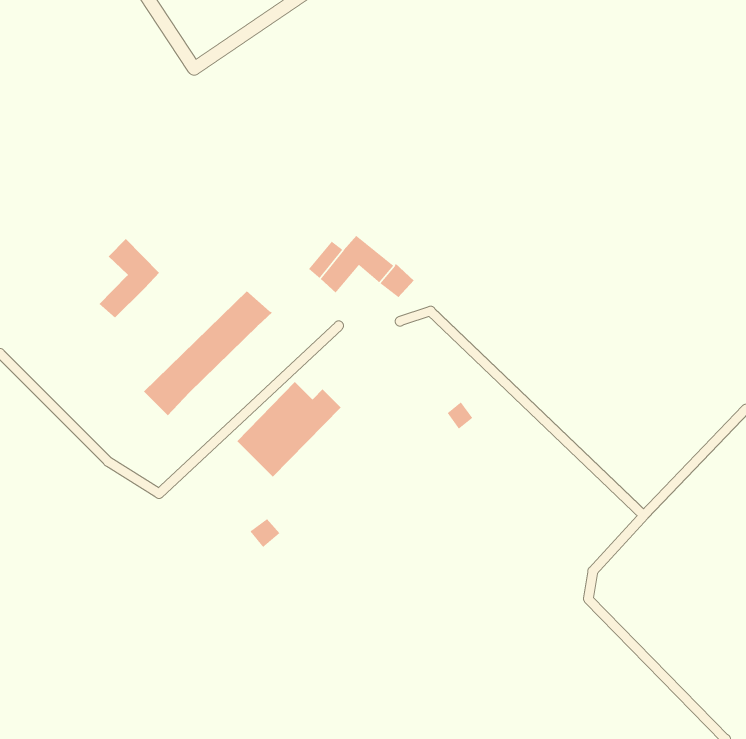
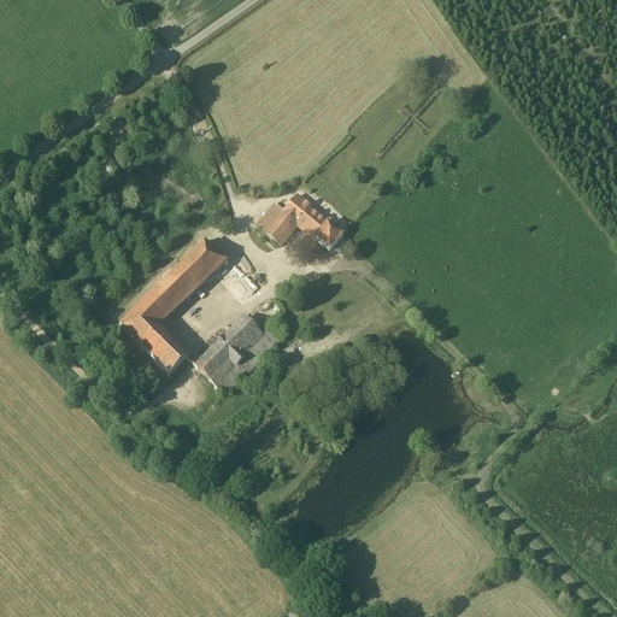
building: [99,238,160,318] -> none
building: none -> [139,324,186,372]

